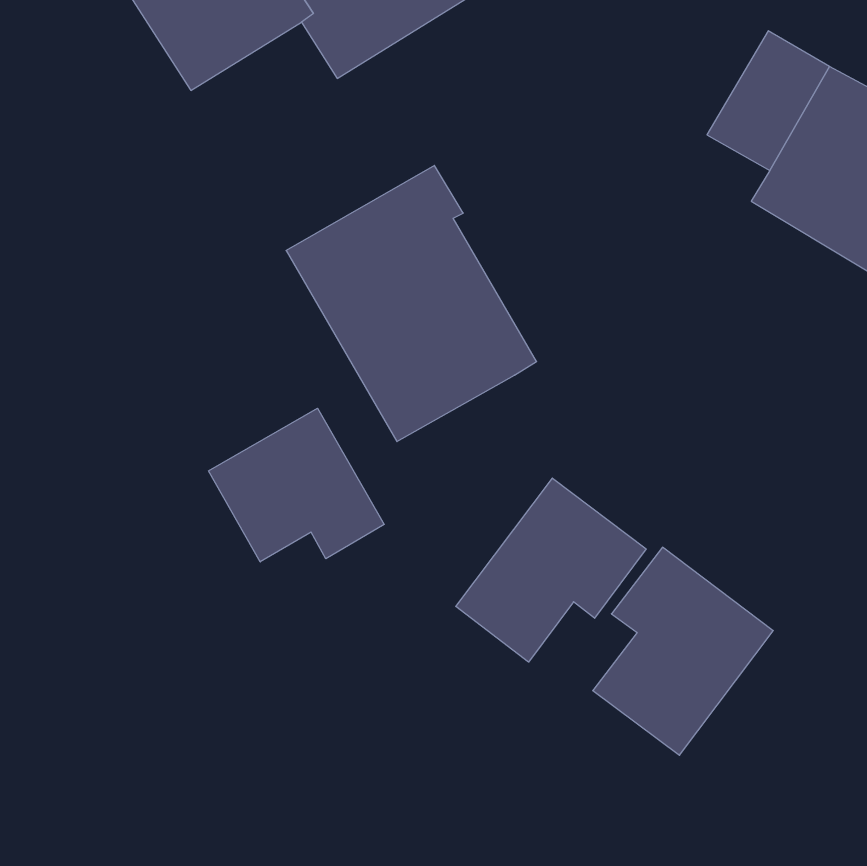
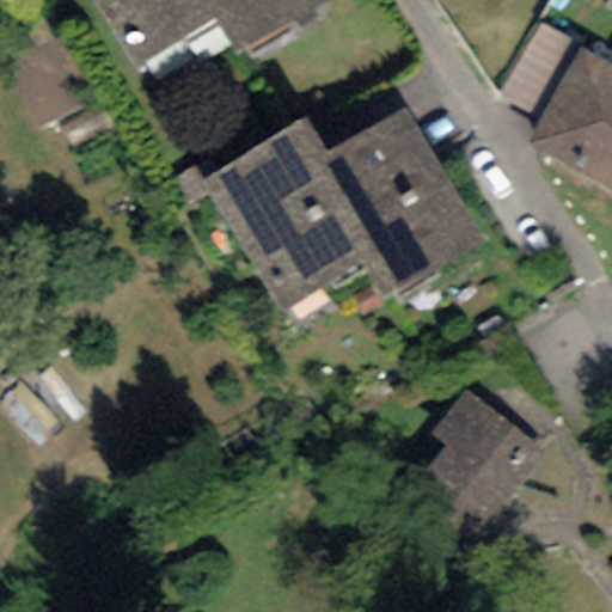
building: none -> [320,104,486,299]
building: [209,408,384,562] -> none
building: [456,478,646,662] -> none

